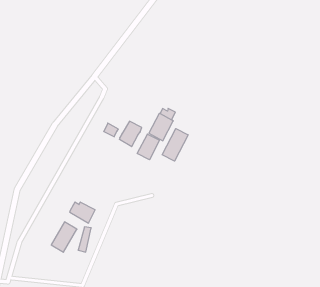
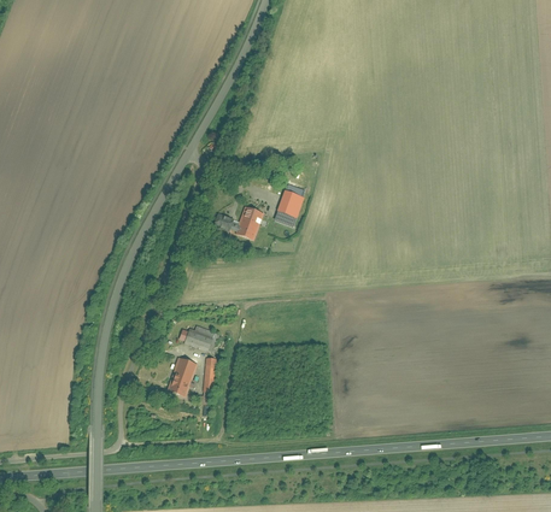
building: [162,129,188,161] -> none
building: [137,134,159,160] -> none

